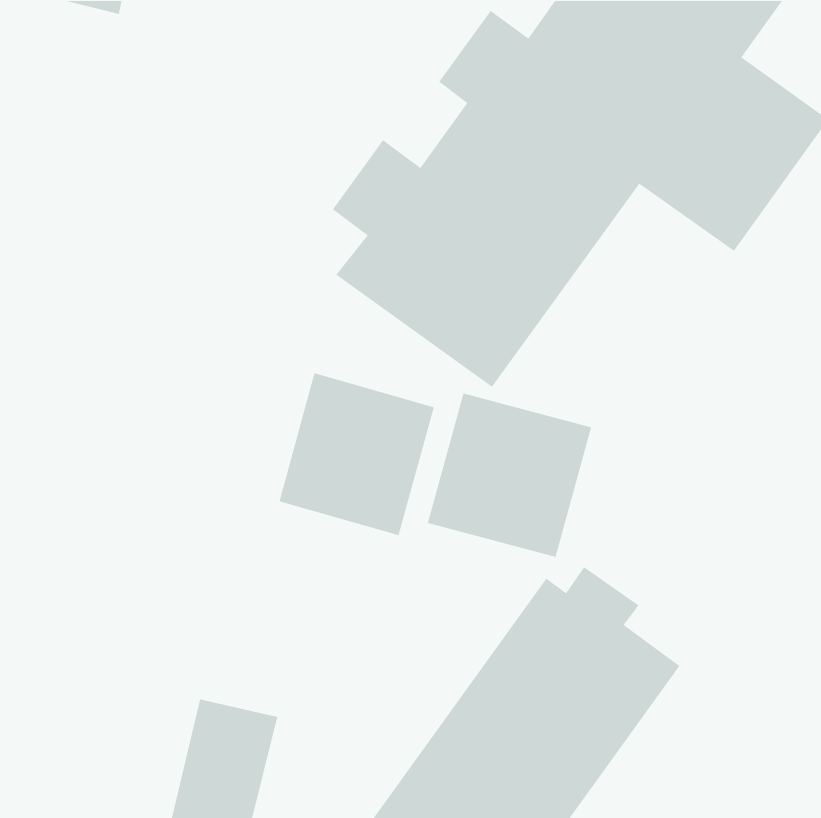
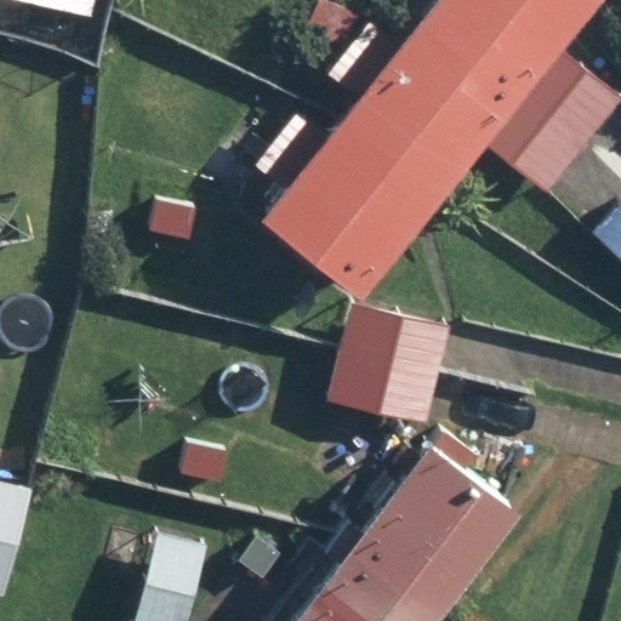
building: [278,372,435,536] -> none

